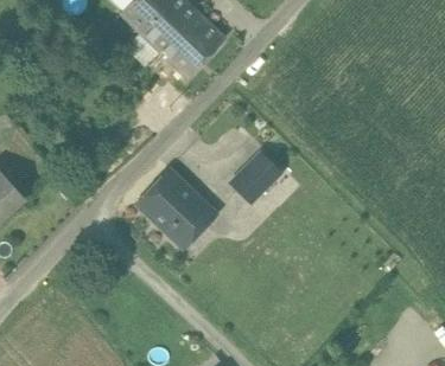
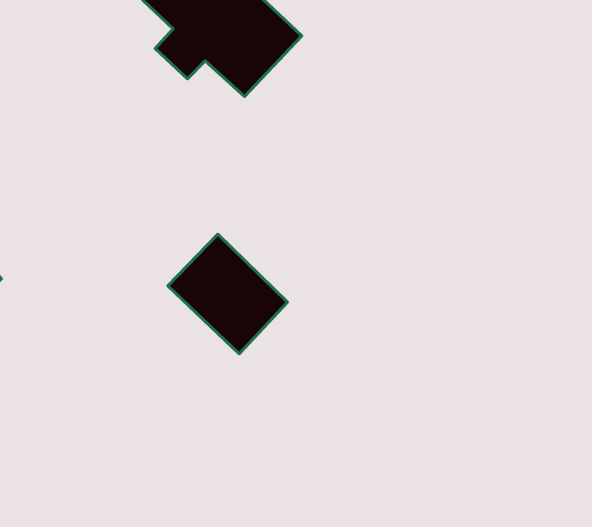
building: [231,153,281,203] -> none

